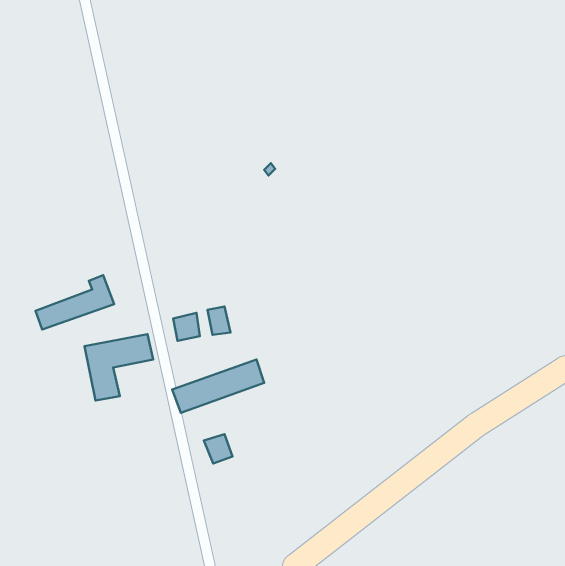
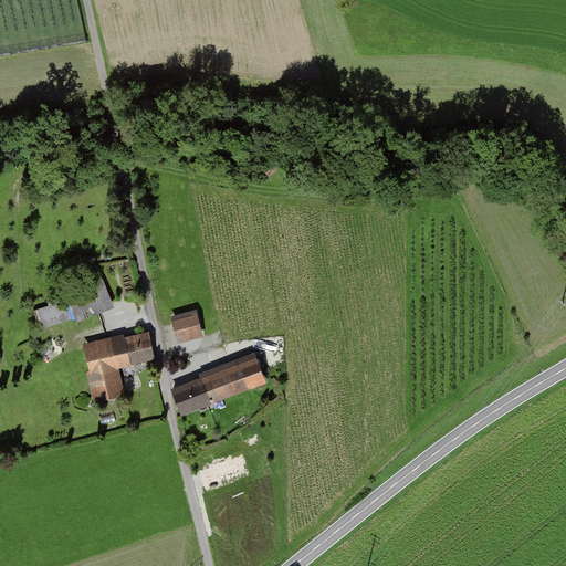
building: [208,307,231,335] -> none
building: [204,434,233,463] -> none

